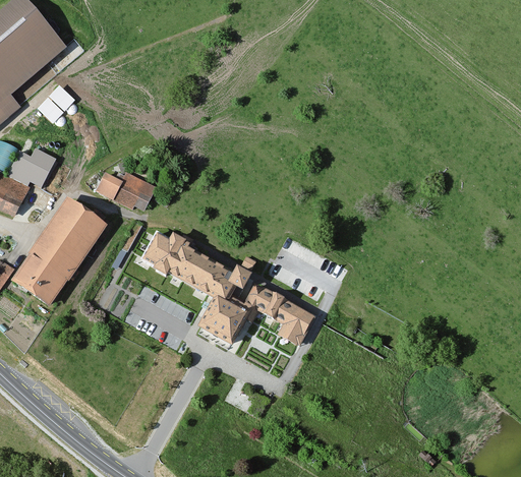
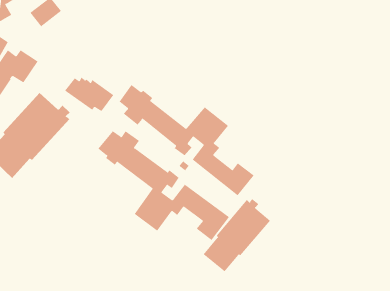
building: none -> [119,84,255,196]
building: none -> [203,198,271,272]

